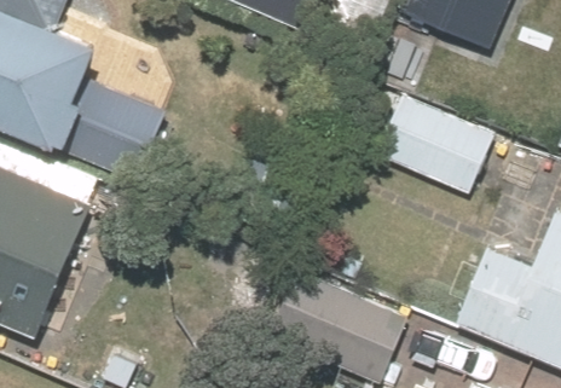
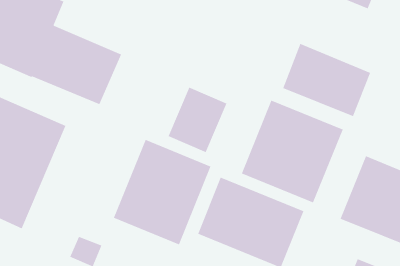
building: none -> [241,100,344,203]
building: none -> [113,139,212,245]

